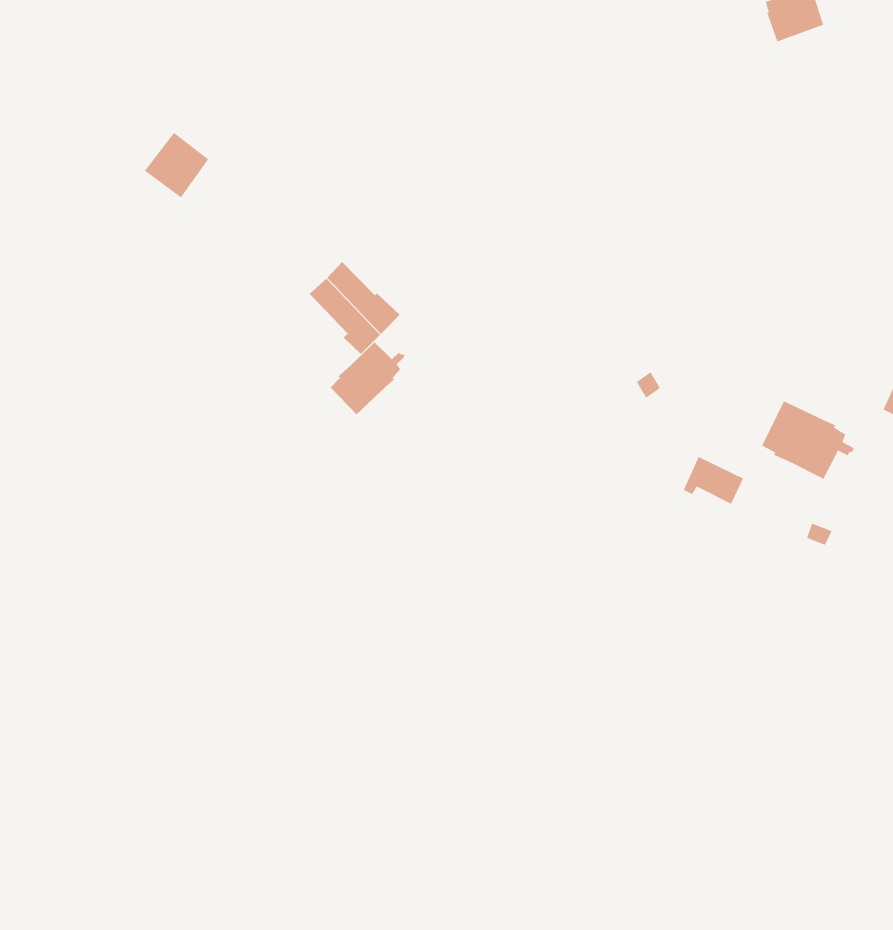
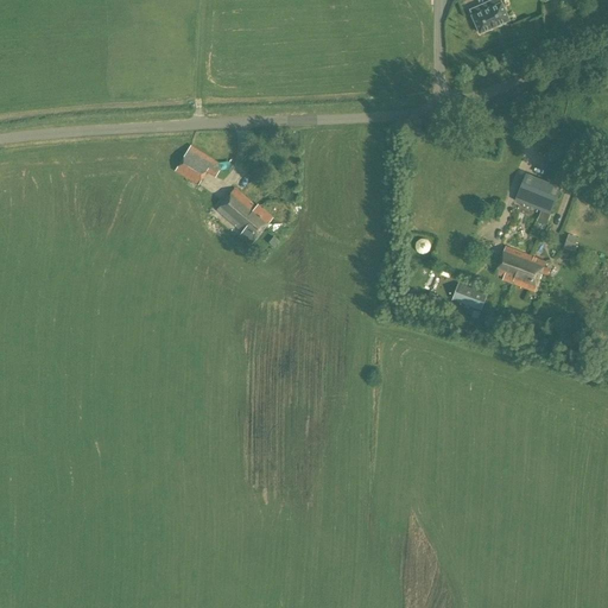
building: [144,132,209,198] -> [175,145,213,184]
building: none -> [513,171,559,214]
building: [330,341,406,415] -> none

